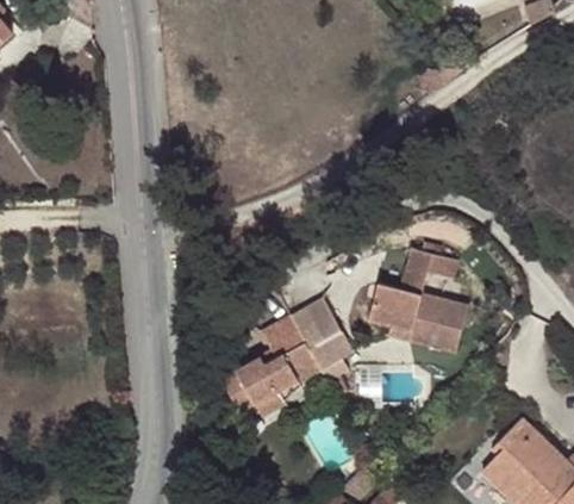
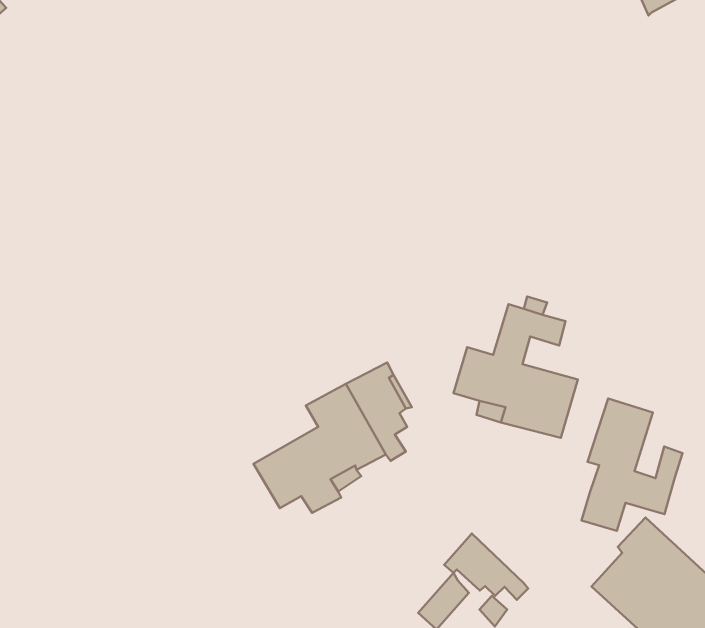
building: none -> [582,399,683,531]
building: none -> [444,534,528,600]

